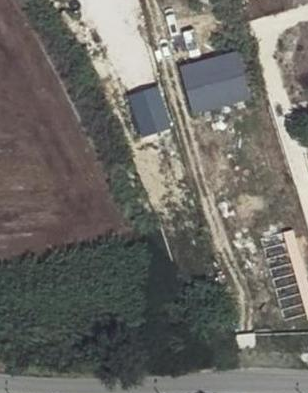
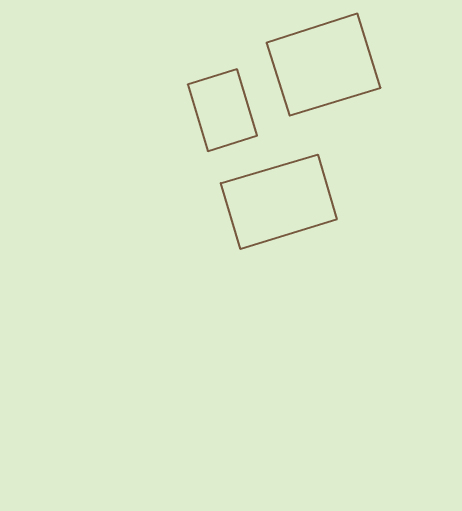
building: none -> [221,155,337,249]

